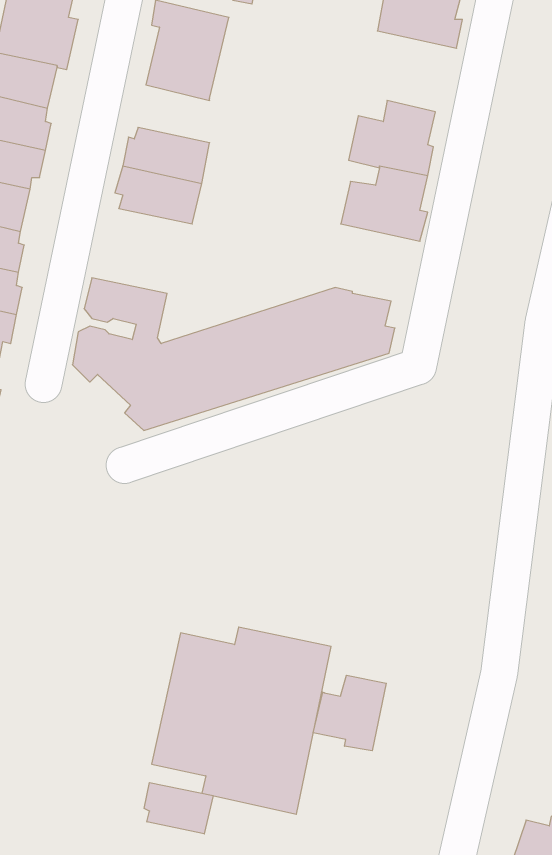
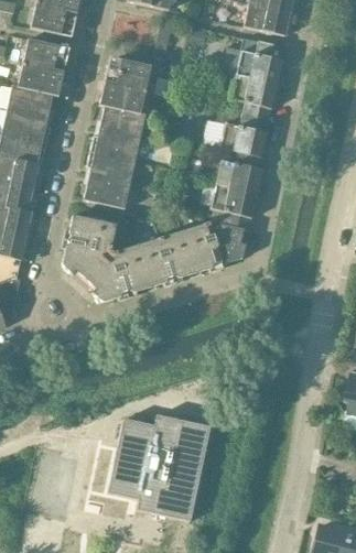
building: none -> [230,74,281,120]
building: none -> [99,105,145,138]
building: none -> [83,175,130,208]
building: none -> [209,184,260,229]
building: [313,675,386,751] -> none
building: [144,783,213,834] -> none

